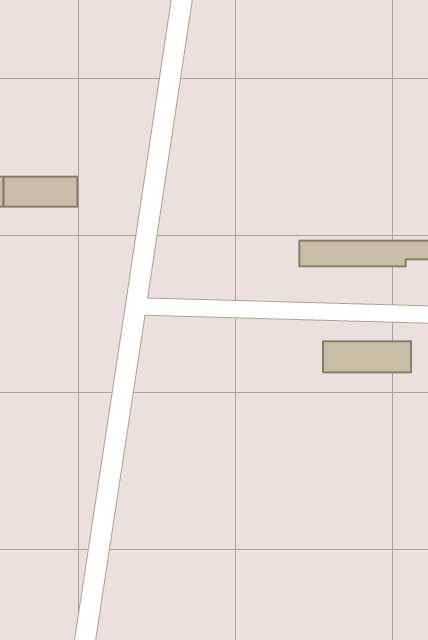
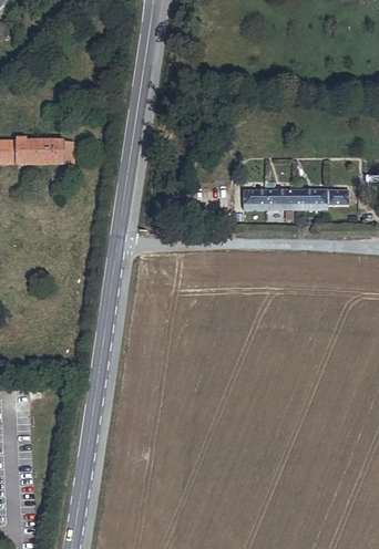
building: [323,341,411,372] -> none

